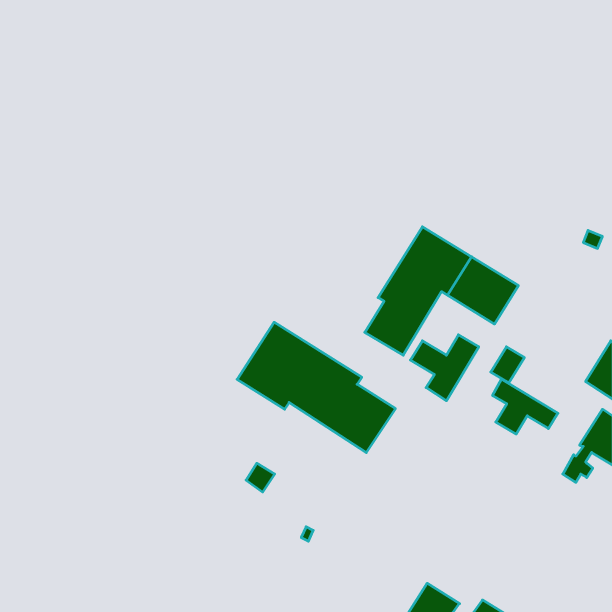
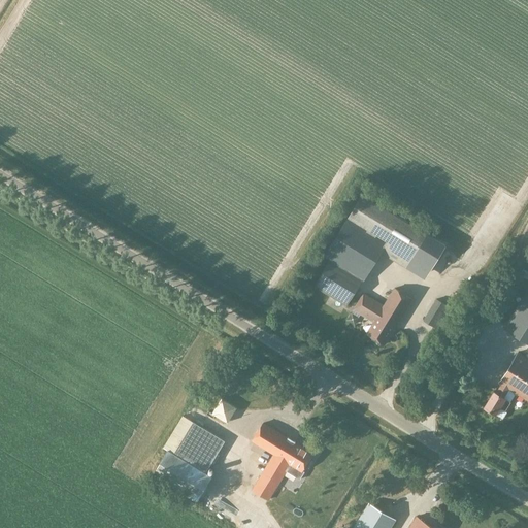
building: [237,322,395,453] -> none
building: [493,379,558,434] -> none
building: none -> [153,416,225,502]
building: none -> [253,424,314,500]

